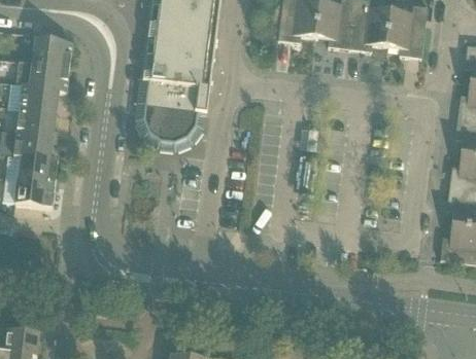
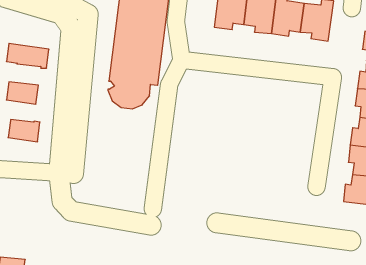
building: [33,37,72,66] -> none
building: [19,82,59,111] -> none
building: [12,130,53,157] -> none
building: [14,177,55,206] -> none

